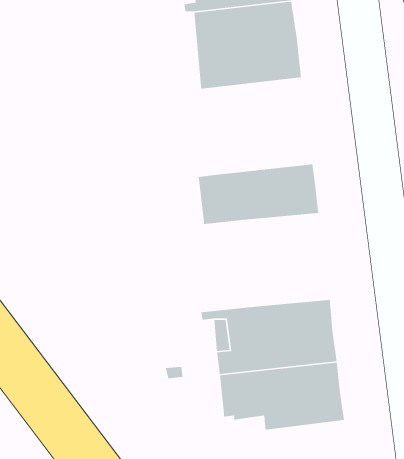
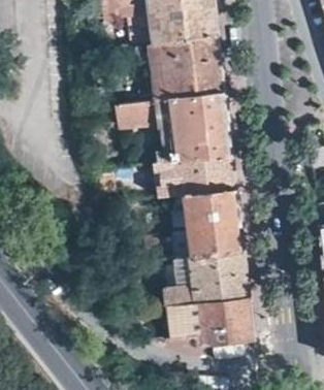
building: none -> [118,93,233,163]
building: none -> [183,191,246,258]

